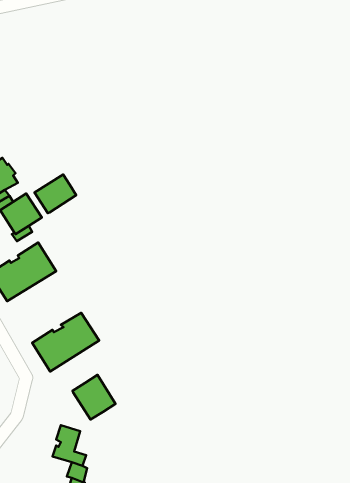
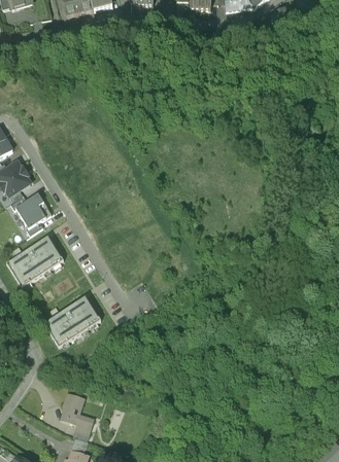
building: [35,175,76,213] -> none
building: [73,375,116,420] -> none

